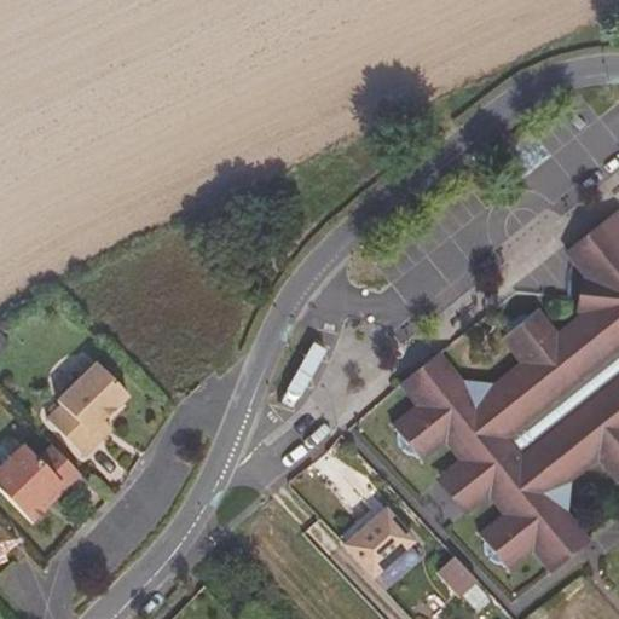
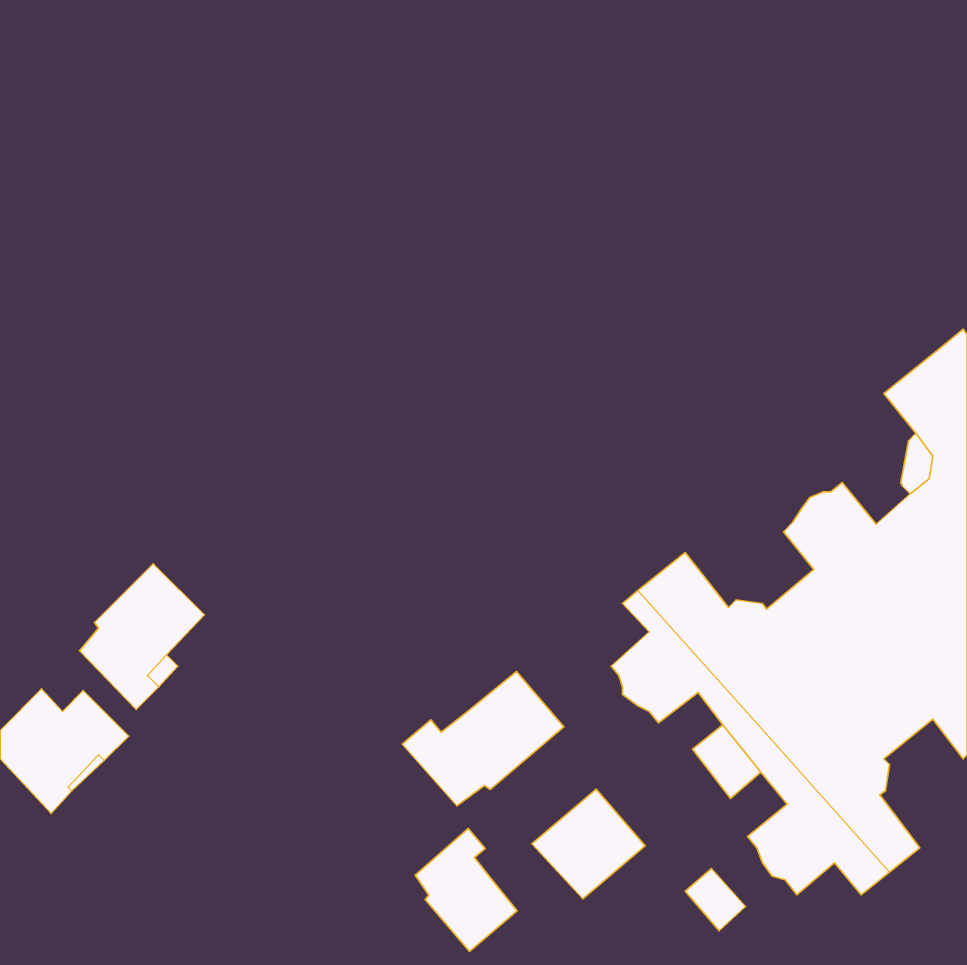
building: none -> [402,671,564,806]
building: none -> [415,829,517,951]

